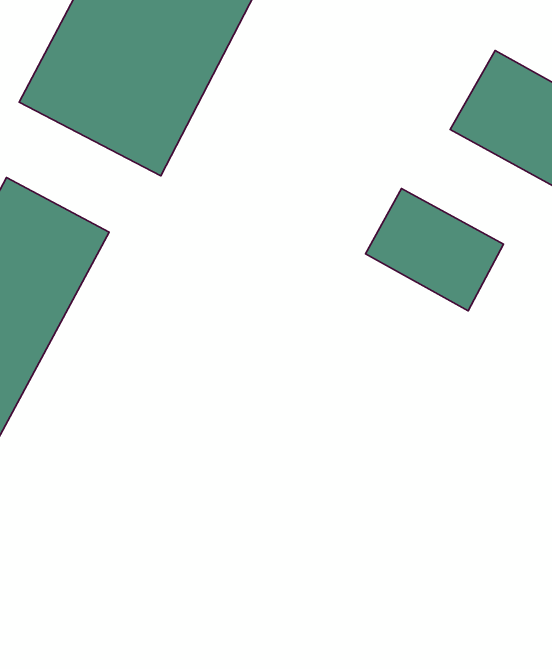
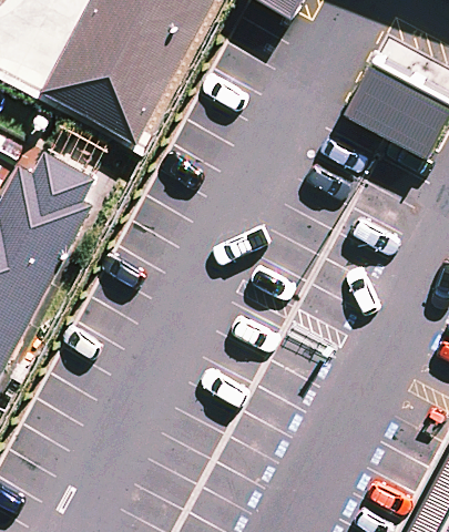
building: [366,188,504,311] -> none

